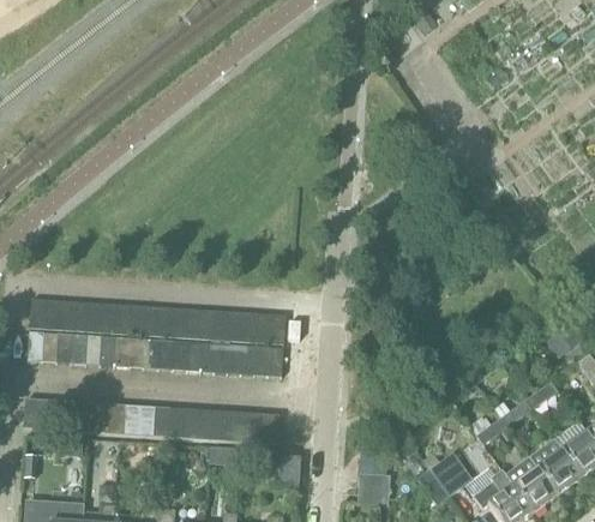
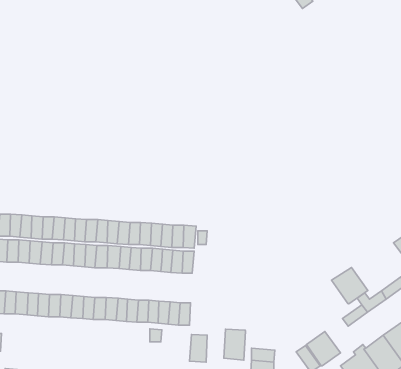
building: none -> [332,267,368,304]
building: none -> [224,329,245,360]

